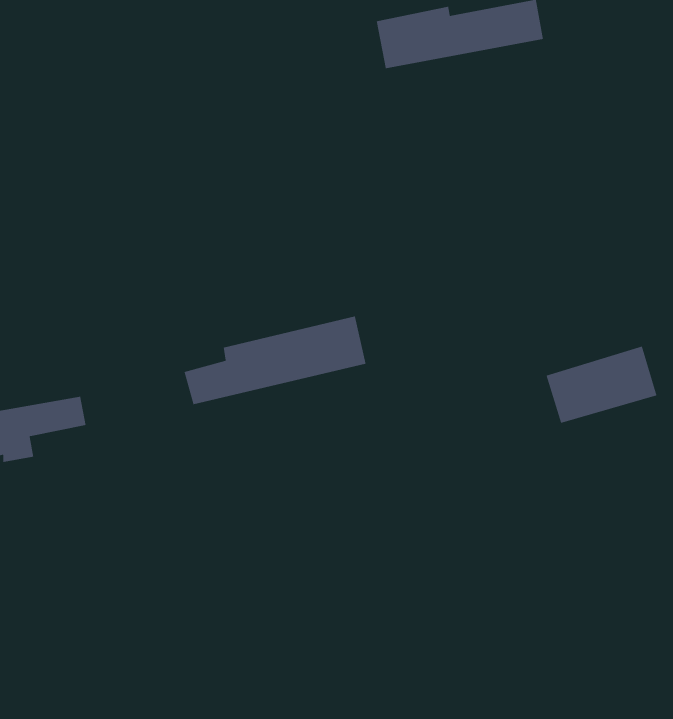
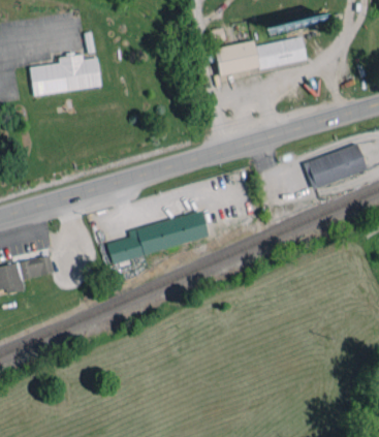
building: none -> [30,55,100,95]
building: [546,345,658,424] -> [305,145,367,188]

